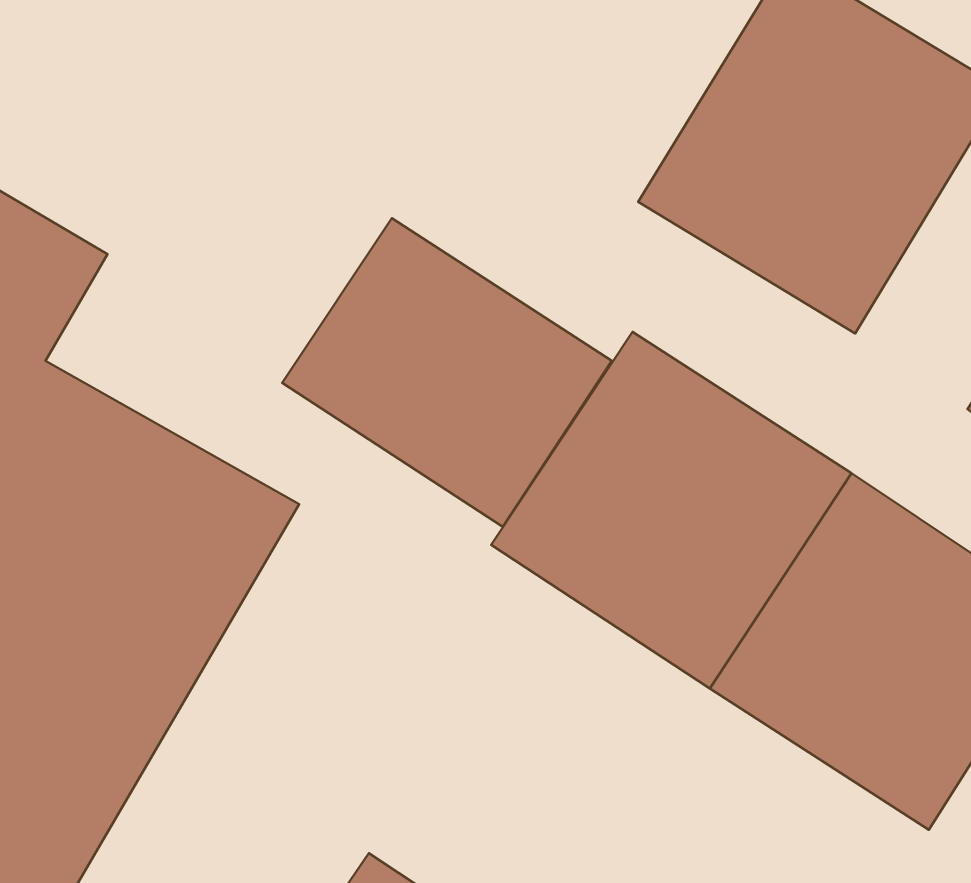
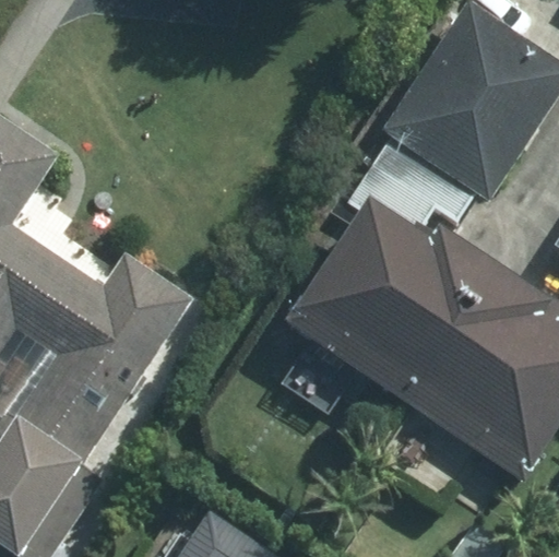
building: [282,218,612,527] -> none

